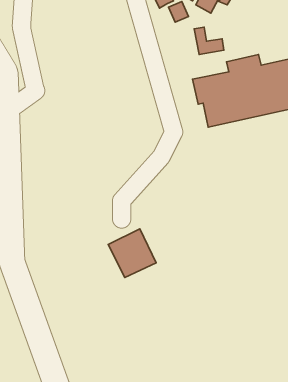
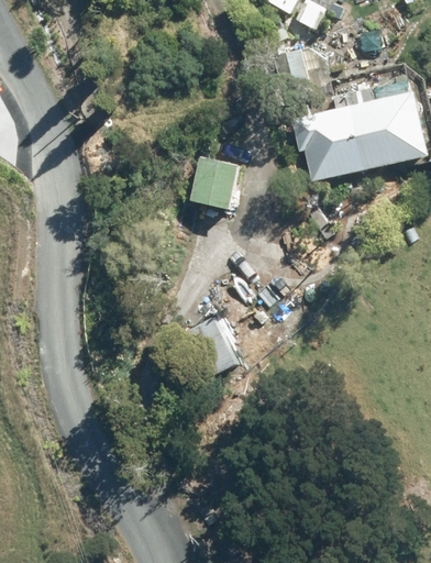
building: none -> [190,155,243,208]

